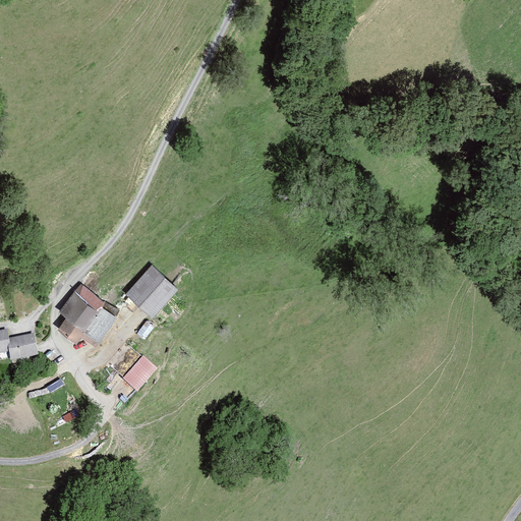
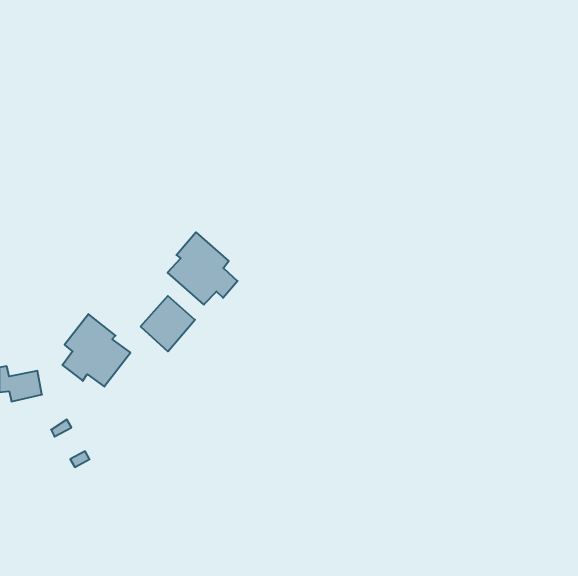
building: none -> [168,232,238,305]
building: [122,356,156,391] -> none

